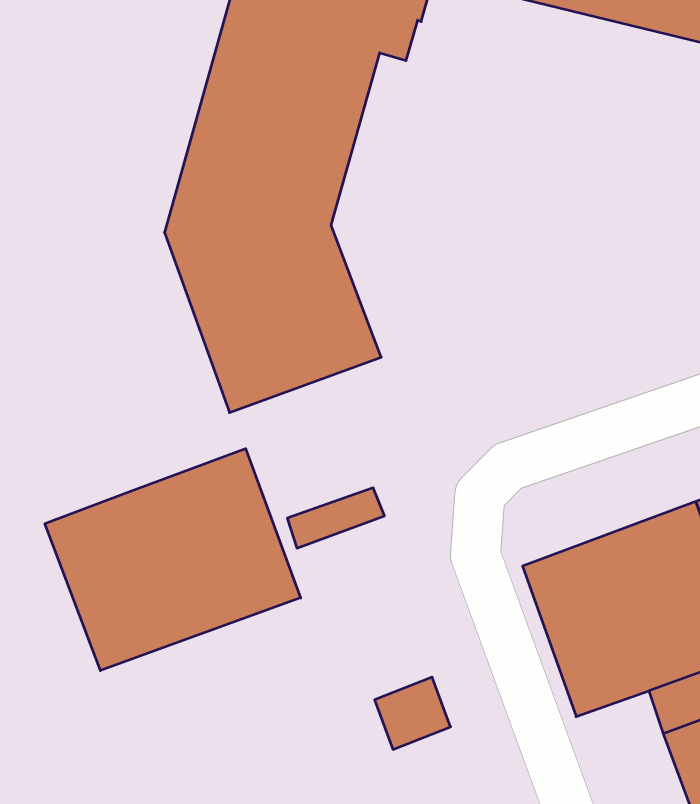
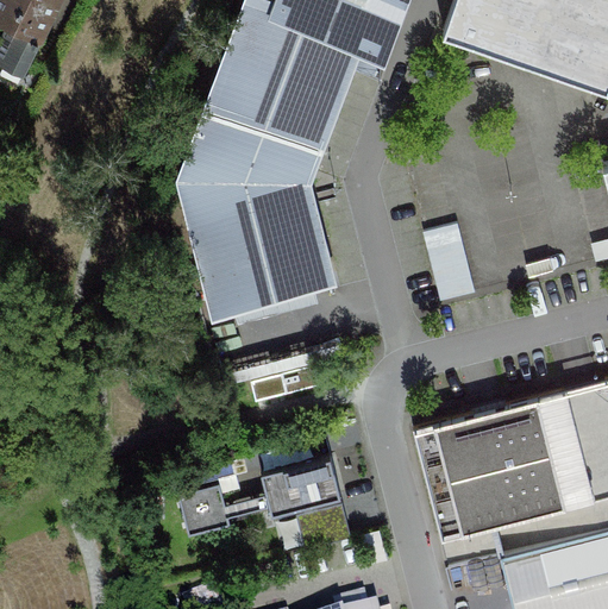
building: none -> [430,241,477,302]
building: [45,449,301,671] -> none
building: none -> [262,454,343,514]
building: none -> [178,483,232,535]

